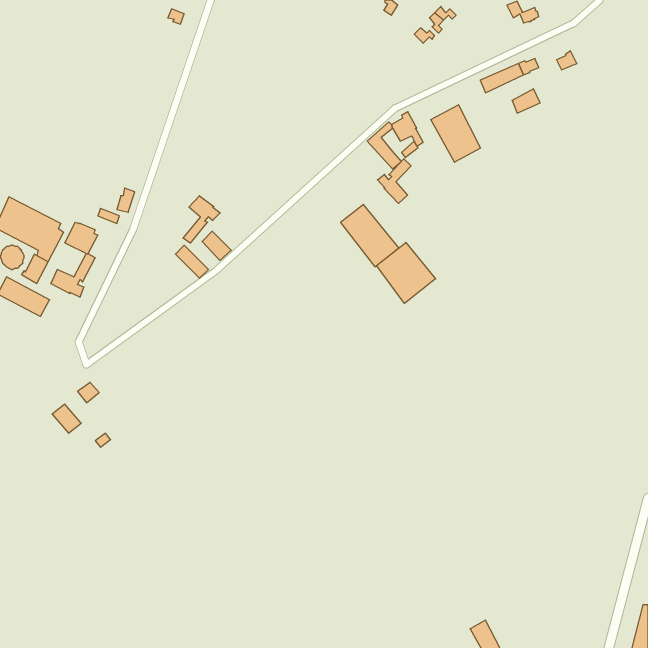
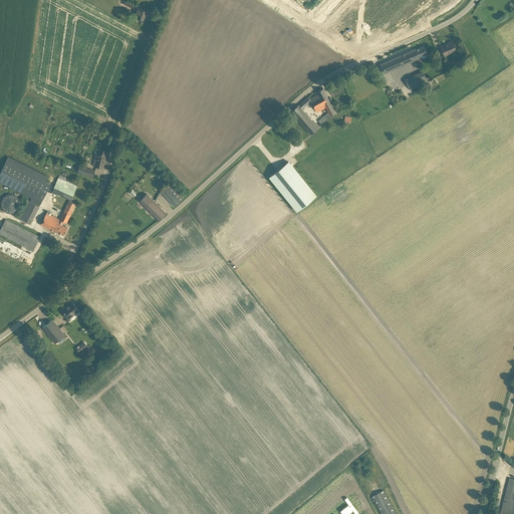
building: [431,105,481,162] -> none
building: [377,159,411,203] -> none
building: [183,196,220,243] -> none
building: [377,242,436,303] -> none

